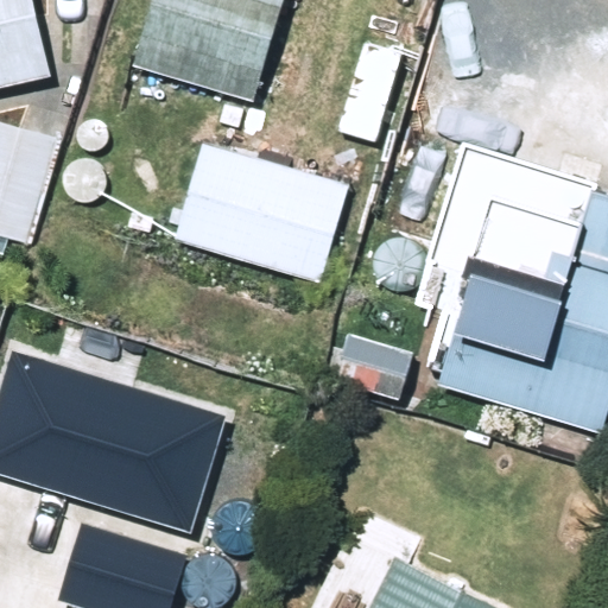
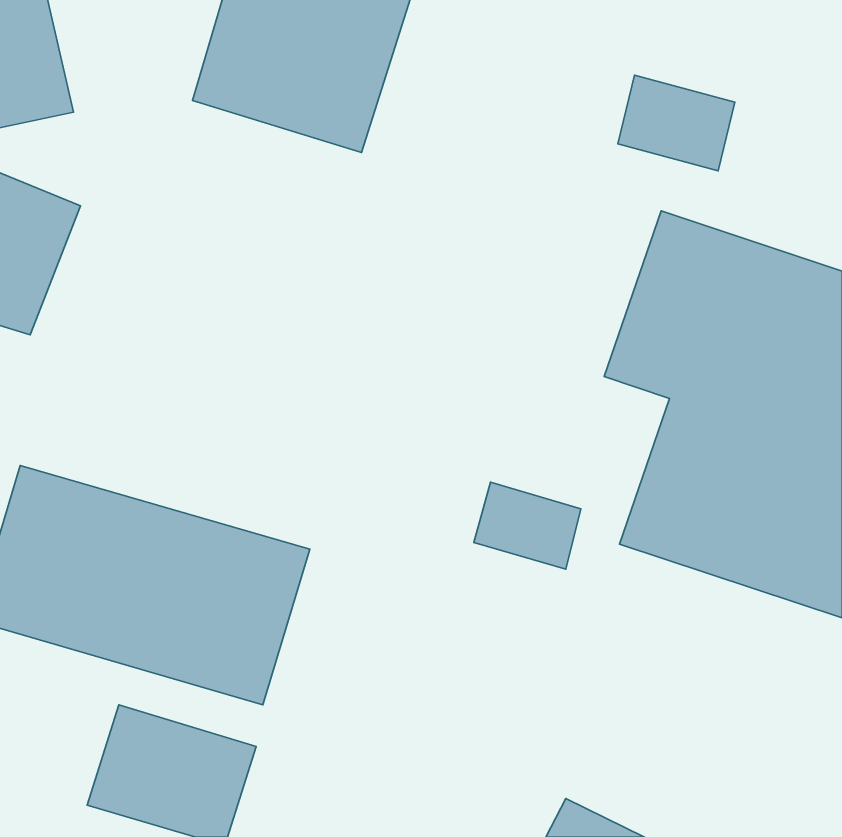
building: [177,144,347,283] -> none

